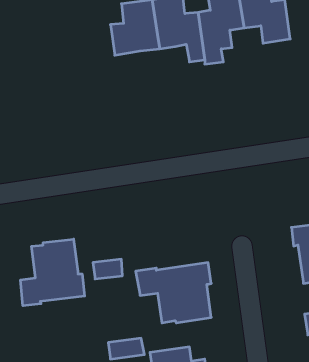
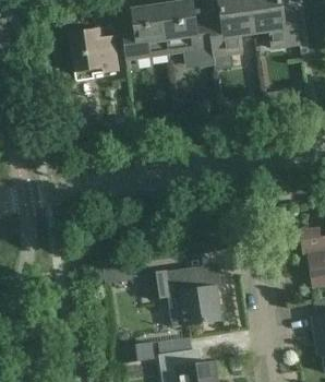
building: none -> [69,26,119,75]
building: [21,239,85,306] -> none

